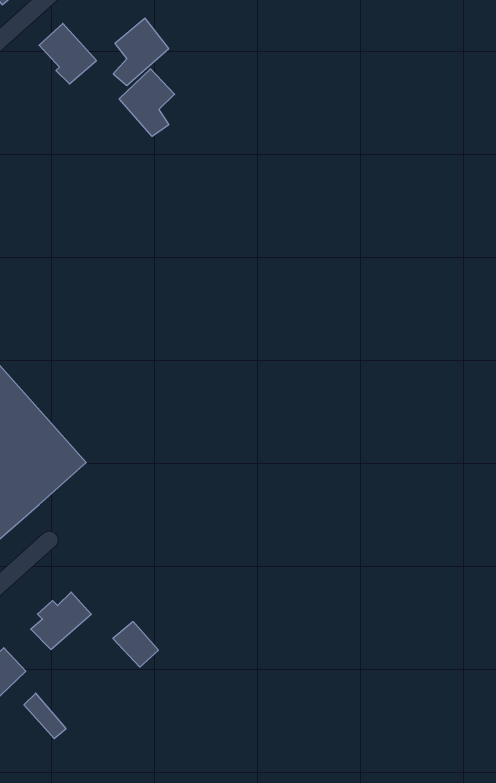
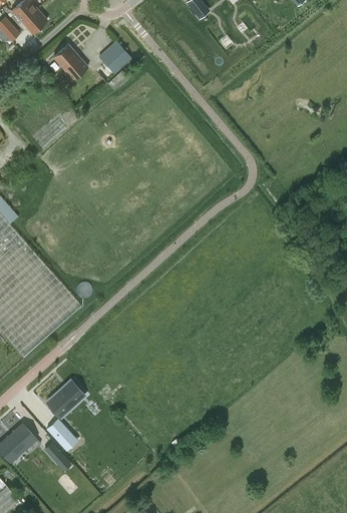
building: [119,69,175,136] -> none
building: [113,622,158,667] -> [45,418,72,445]

